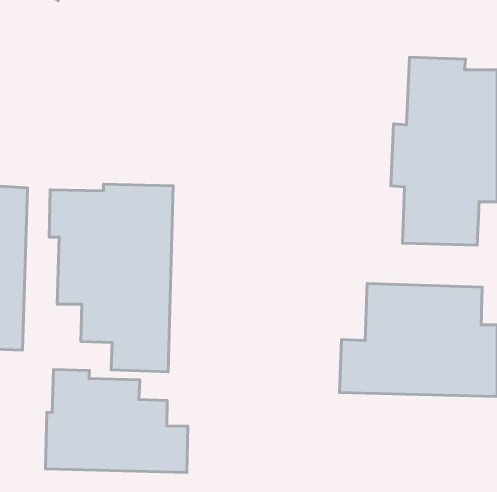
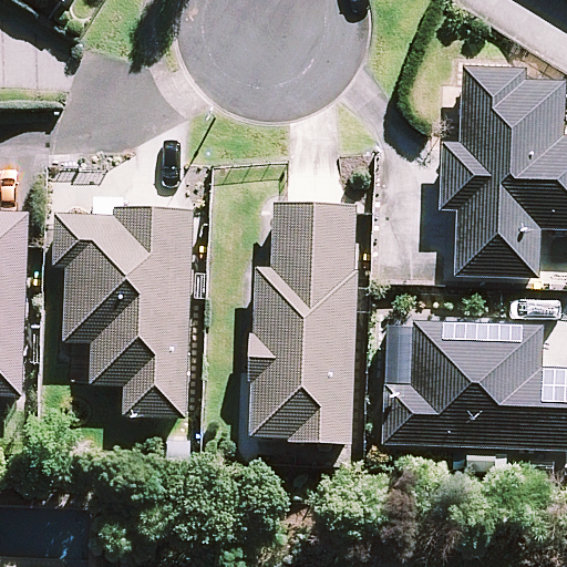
building: none -> [246,202,357,444]
building: [45,369,188,473] -> none

